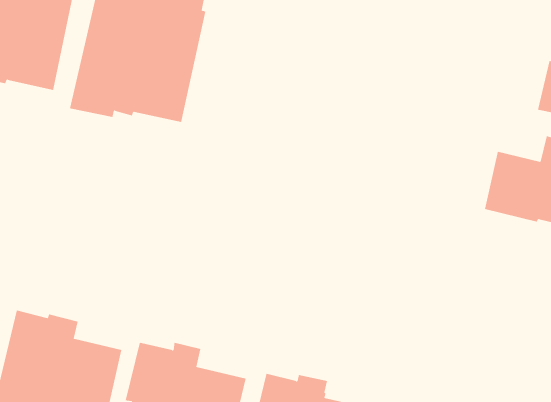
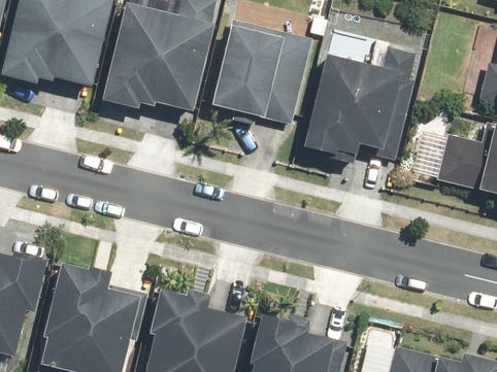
building: none -> [212,20,312,126]
building: none -> [305,46,415,163]

